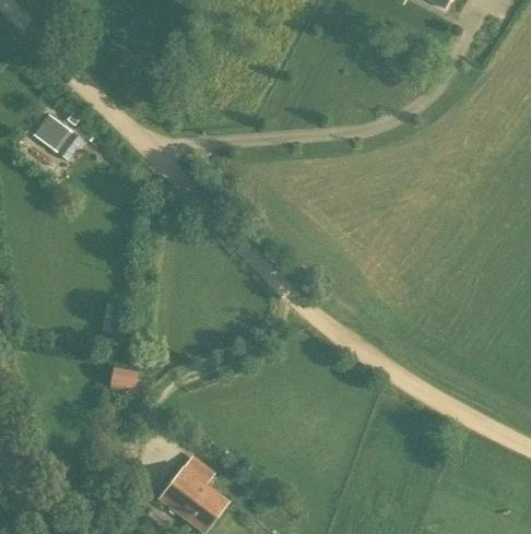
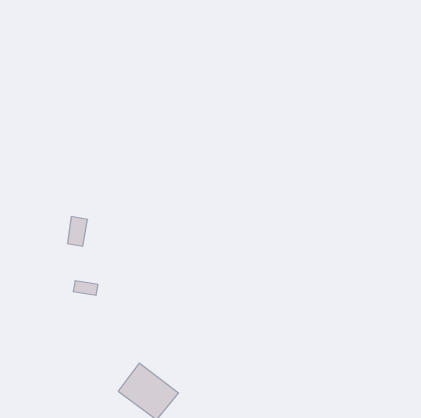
building: [35,112,73,151] -> none

